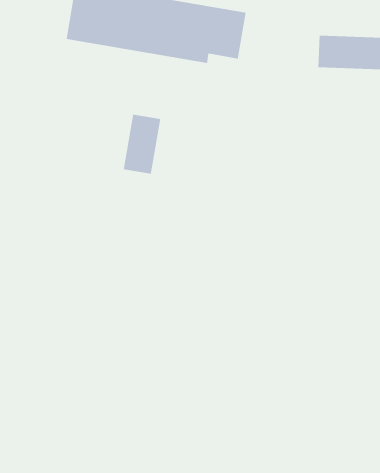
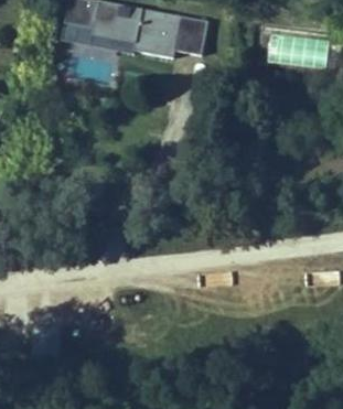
building: [123,114,161,175] -> none

